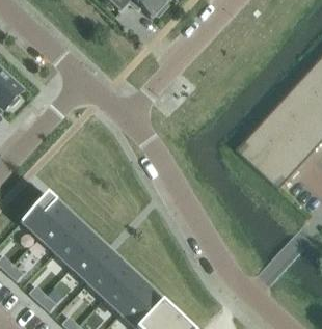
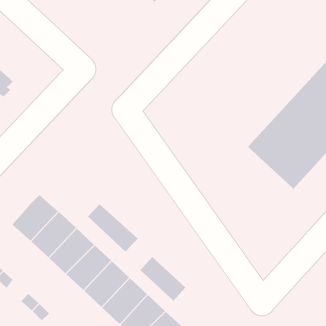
building: none -> [87,203,139,252]
building: none -> [139,256,186,302]

